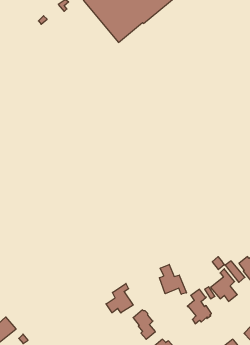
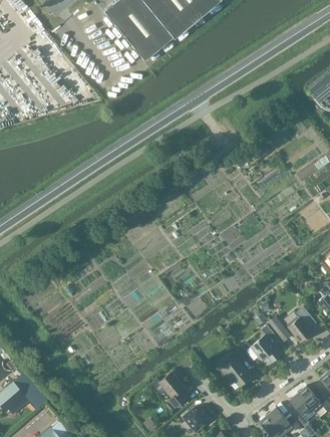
building: [159,264,186,294] -> none
building: [106,283,133,313] -> none

